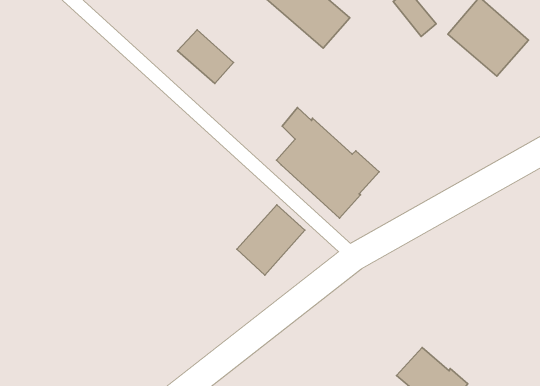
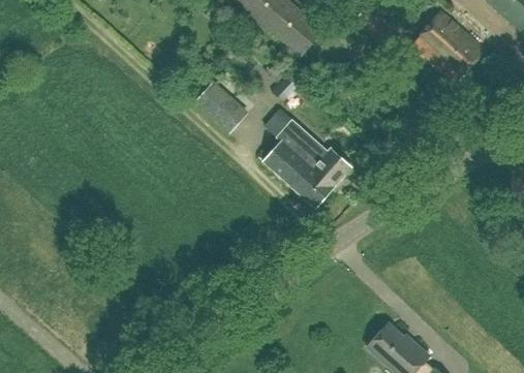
building: [177,30,233,83] -> [206,84,255,131]
building: [237,205,305,275] -> none

